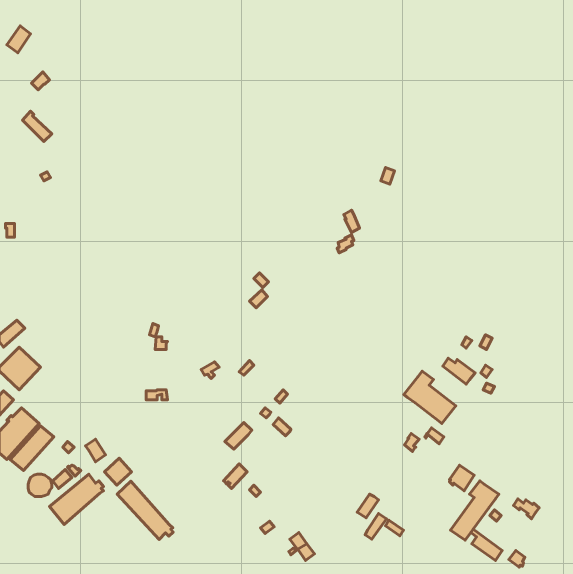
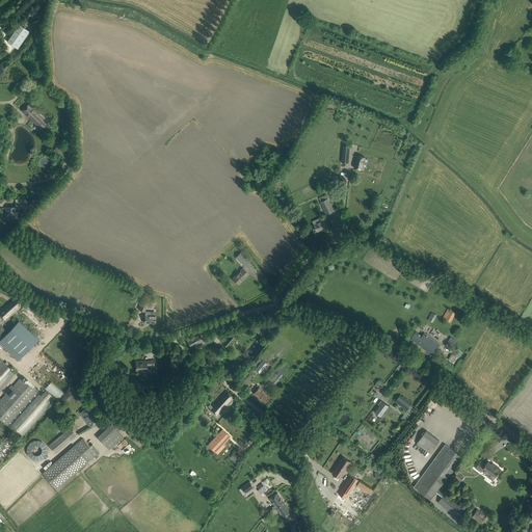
building: [404,371,456,424] -> none
building: [117,481,173,540] -> none

